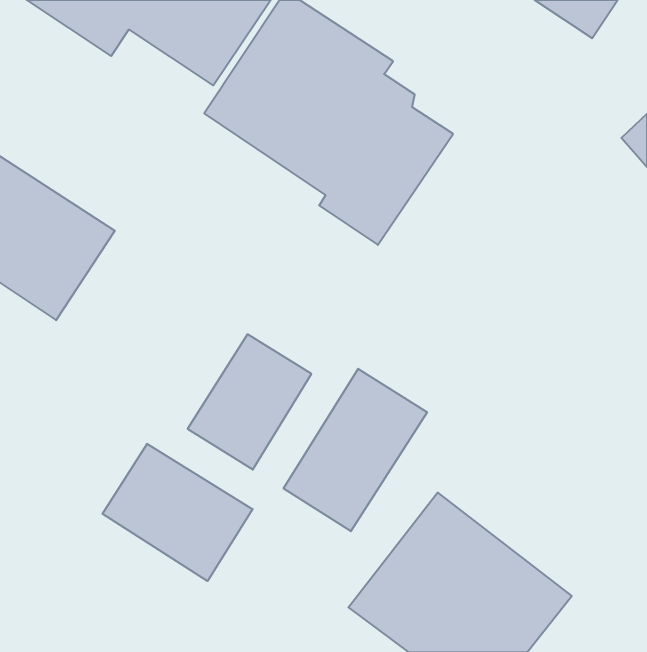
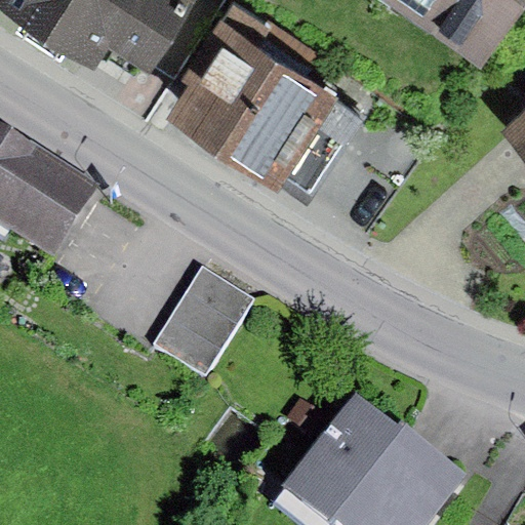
building: [284,369,427,531] -> none
building: [103,444,253,581] -> none

